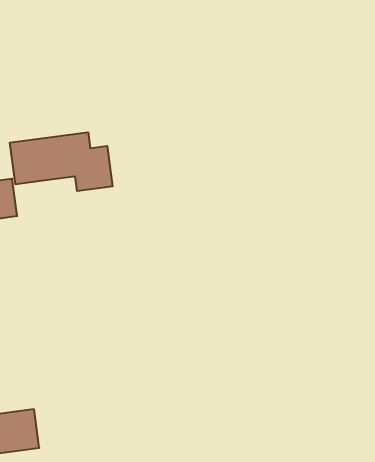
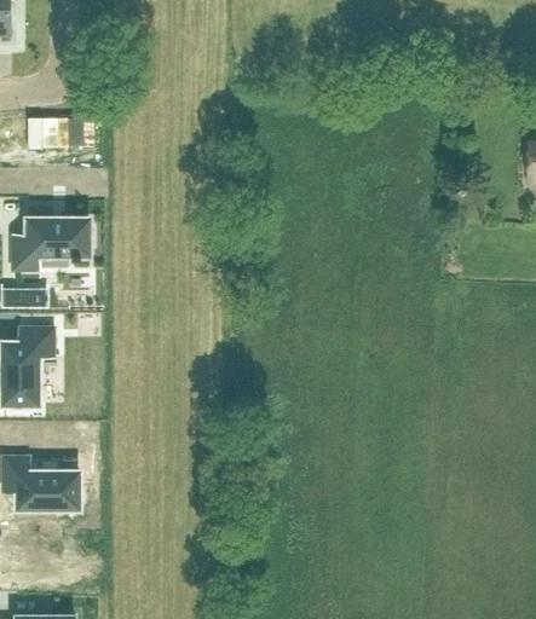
building: [10,132,113,191] -> none

